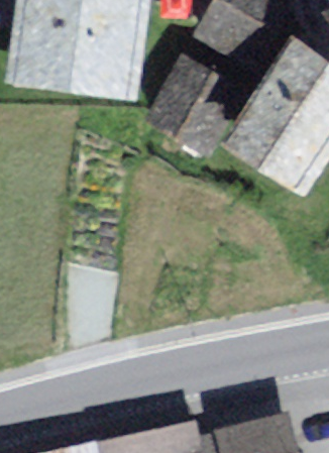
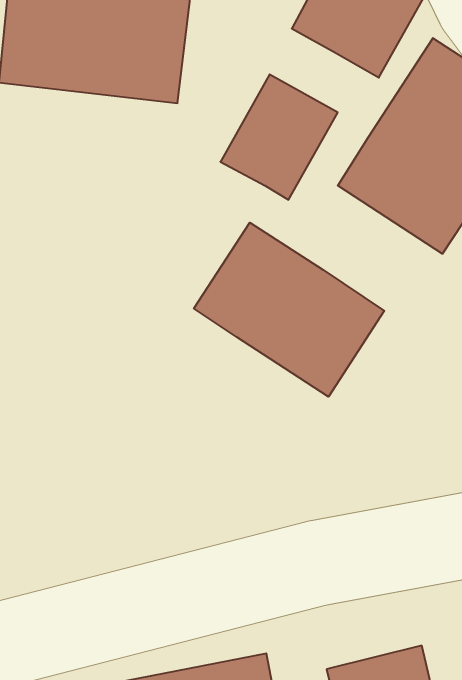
building: none -> [194,223,384,397]

